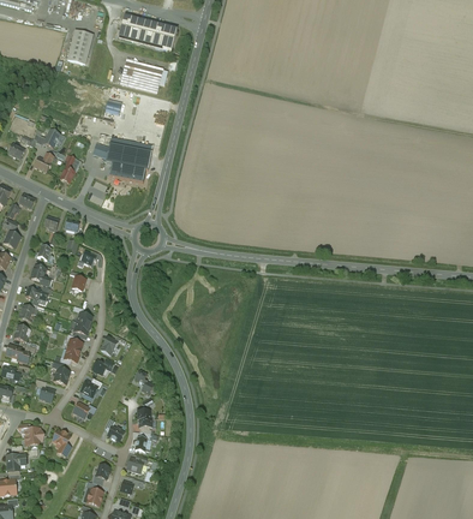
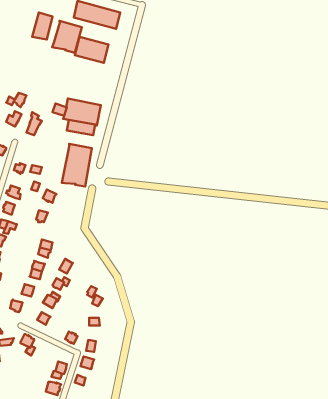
building: none -> [52,21,82,53]
building: none -> [62,144,92,186]

